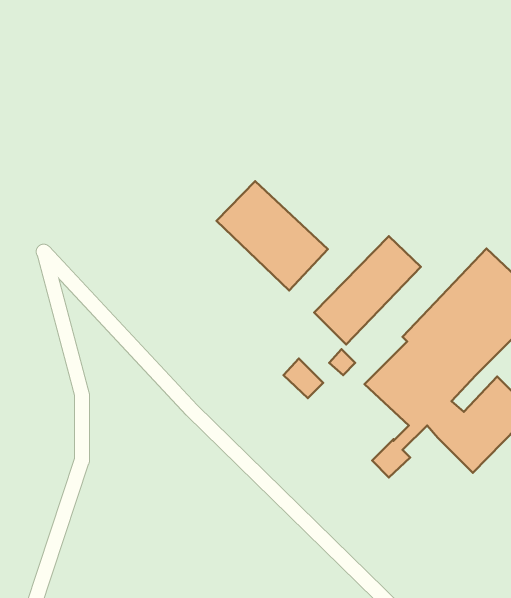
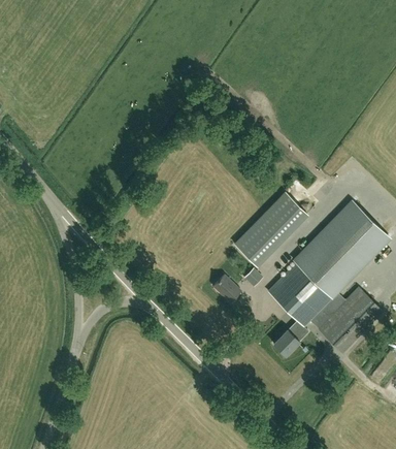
building: [217,181,328,291] -> none

